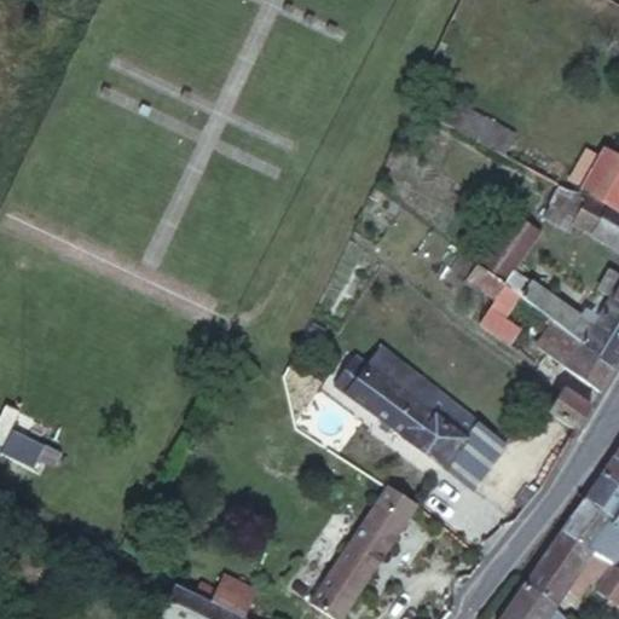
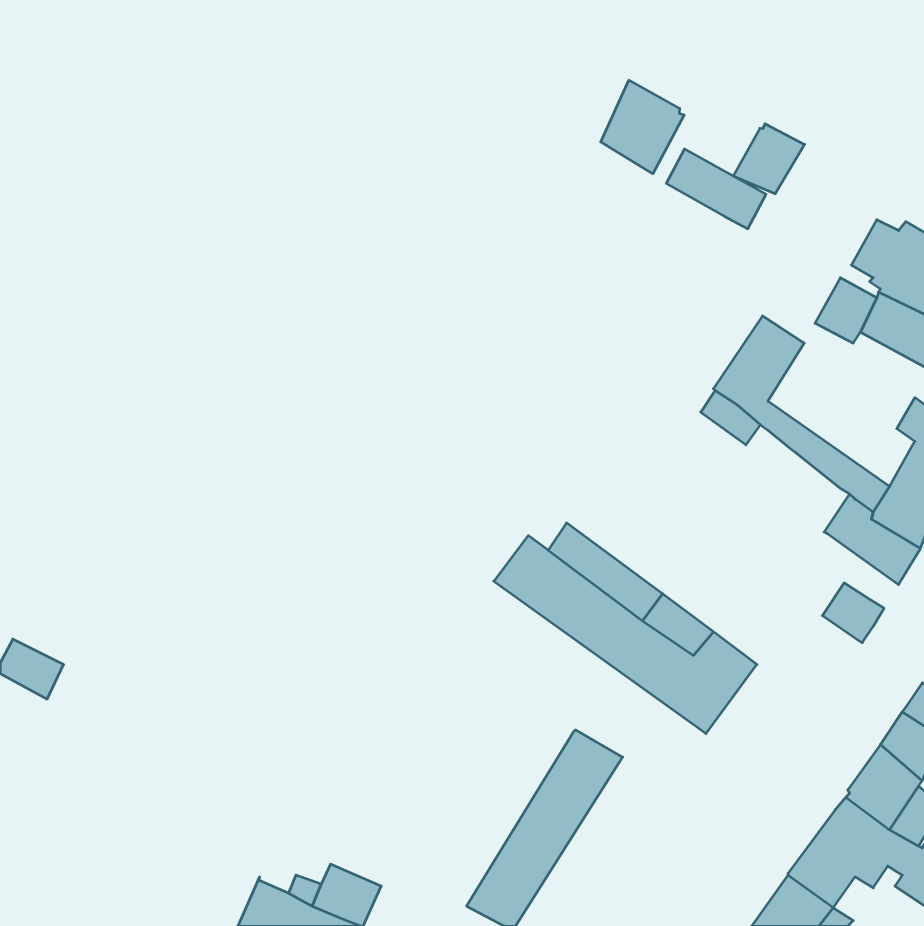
building: none -> [601,80,684,174]
building: none -> [733,124,805,194]
building: [480,283,527,343] -> none

